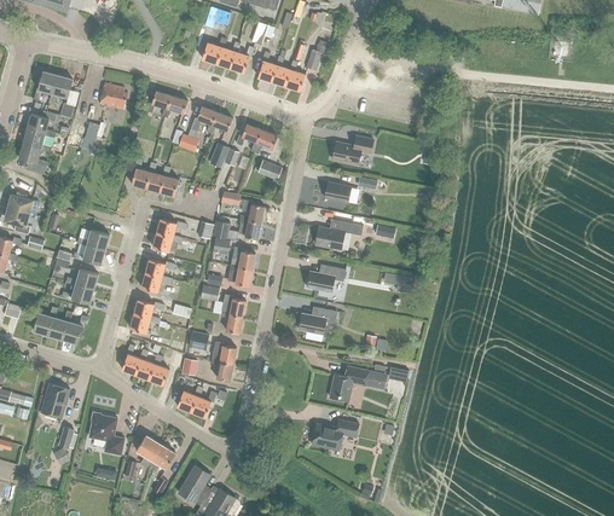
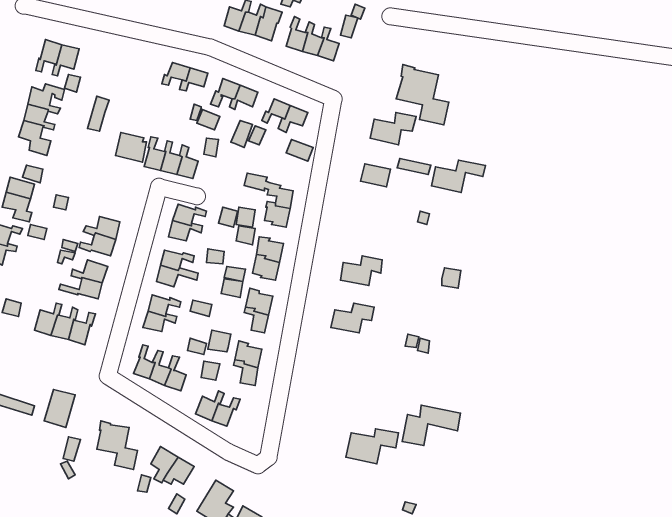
building: [99,83,127,110] -> [115,132,146,162]
building: none -> [396,65,449,125]
building: [314,221,363,250] -> [432,160,486,193]
building: [329,365,381,401] -> [402,405,460,446]

